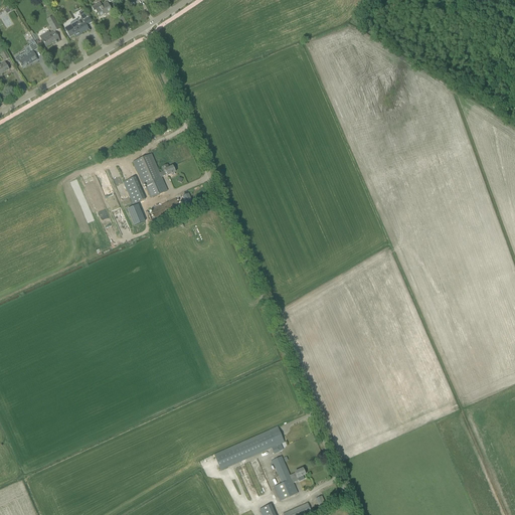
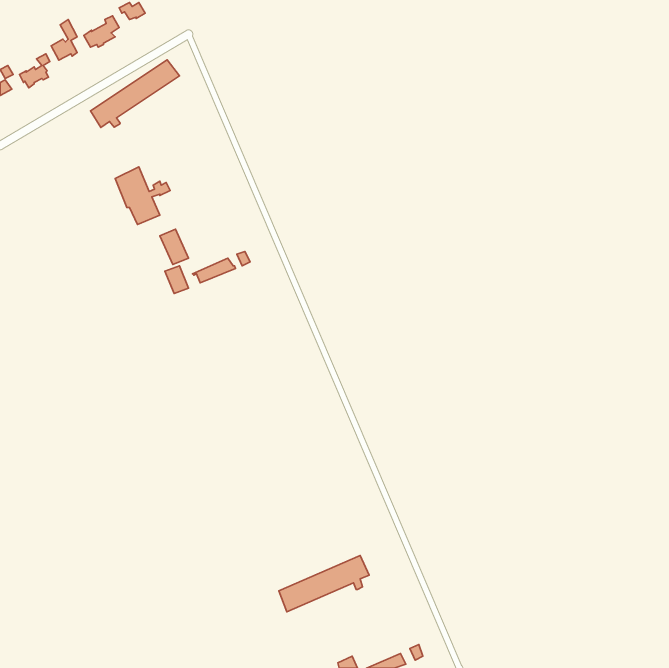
building: none -> [91,60,179,127]
building: [133,153,175,197] -> [115,167,170,224]
building: [271,456,305,500] -> none

